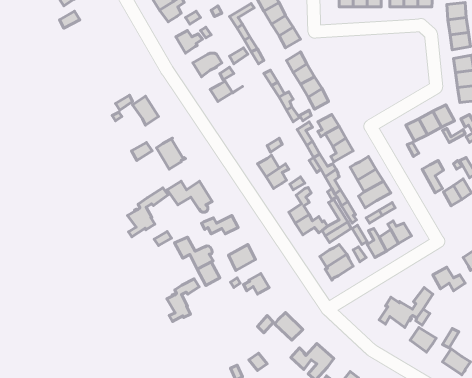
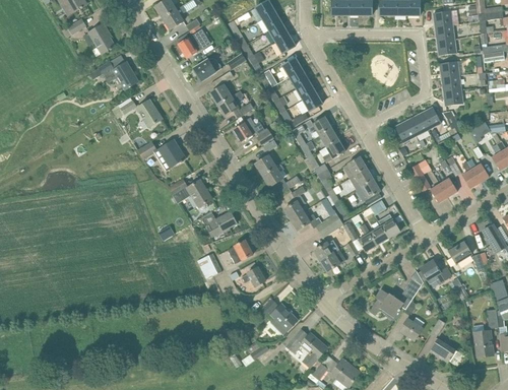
building: none -> [88,22,114,54]
building: none -> [89,61,137,88]
building: none -> [216,89,253,117]
building: none -> [233,118,271,144]
building: [128,188,168,237] -> none
building: [175,237,213,269] -> none
building: [167,279,199,322] -> none

